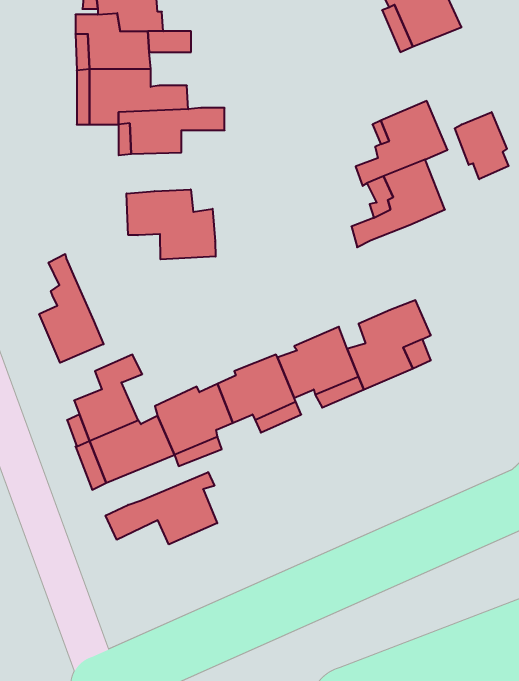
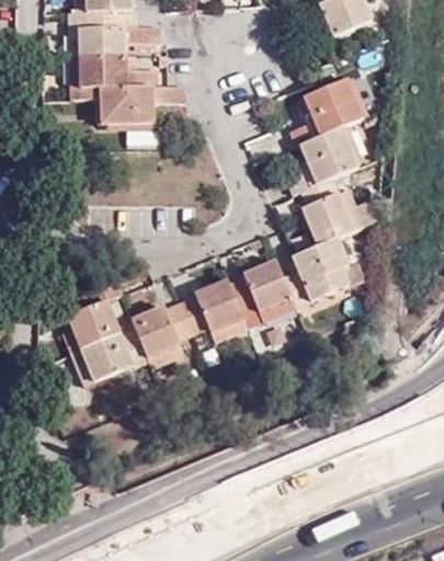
building: [455,112,509,179] -> none
building: [127,189,216,259] -> none
building: none -> [301,178,354,244]
building: [39,254,104,363] -> none
building: [106,472,217,544] -> none

